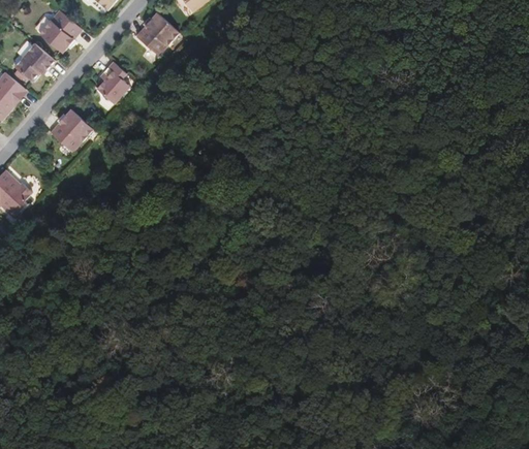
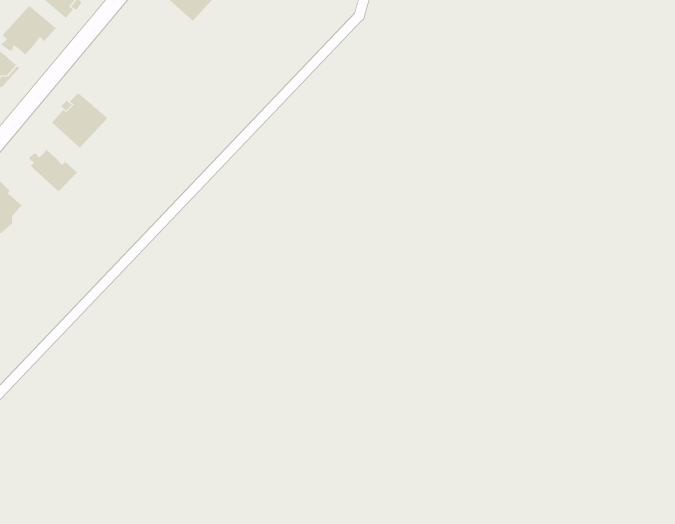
building: [97,62,130,103] -> none
building: none -> [27,149,78,192]

